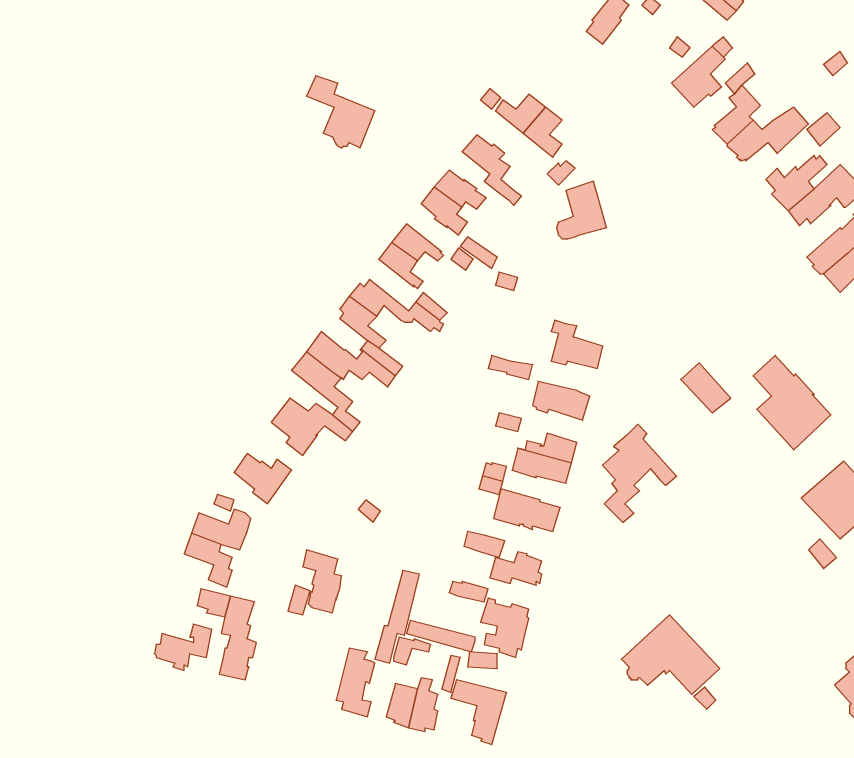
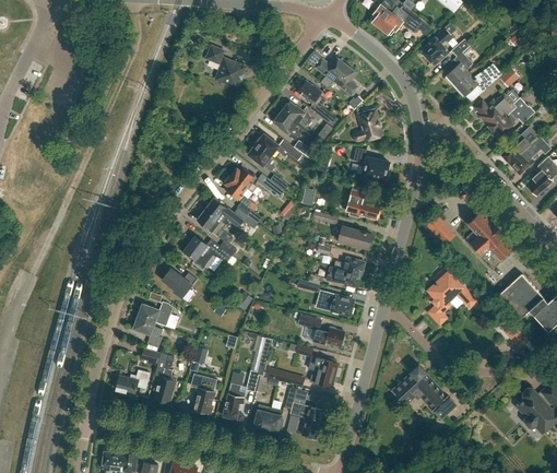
building: none -> [380,7,422,35]
building: none -> [353,146,390,181]
building: [602,424,677,522] -> [428,265,472,323]
building: [303,550,342,613] -> [191,376,214,413]

